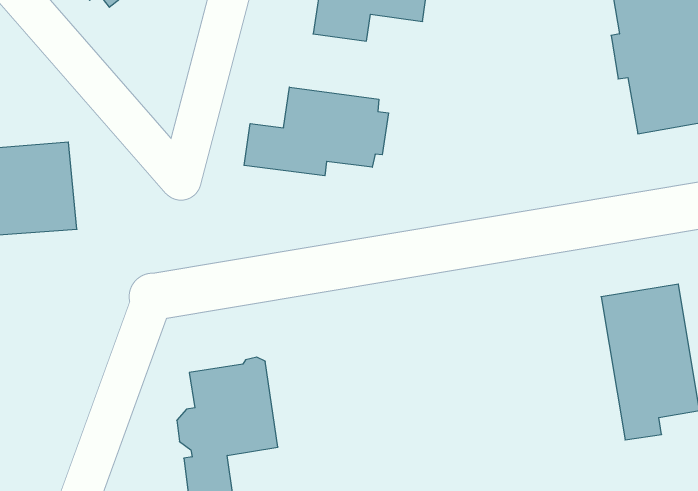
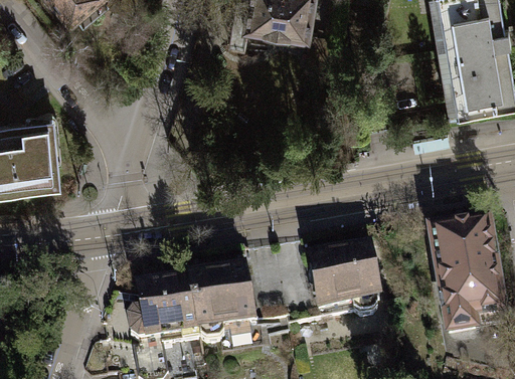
building: [244,87,388,176] -> none
building: none -> [310,248,381,318]
building: none -> [192,267,256,343]

